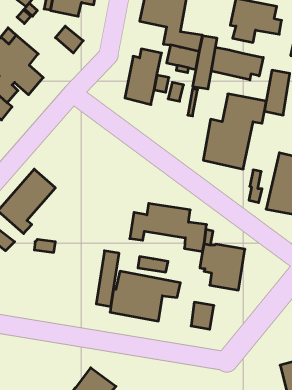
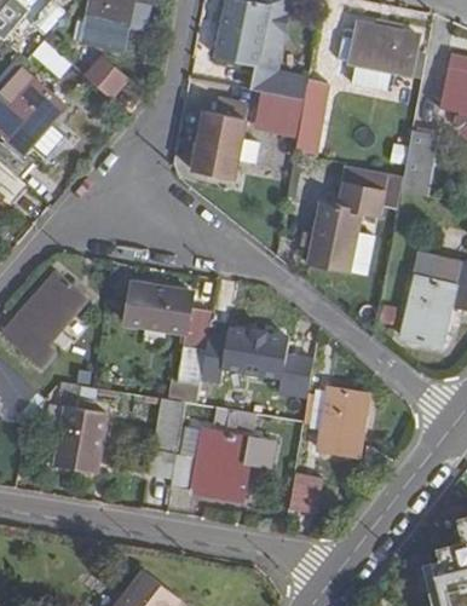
building: [211,47,263,80] -> none
building: none -> [123,283,211,383]
building: none -> [54,405,106,473]

